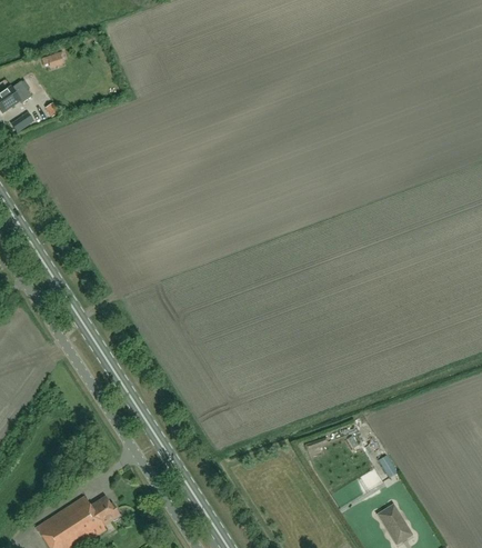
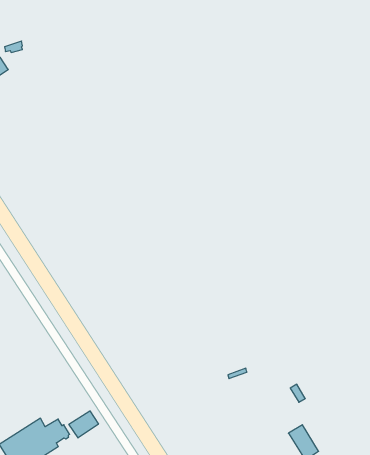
building: none -> [69,411,98,438]

